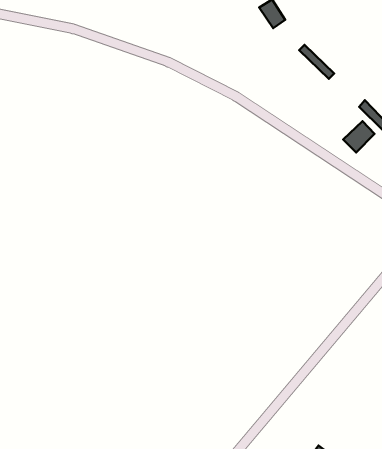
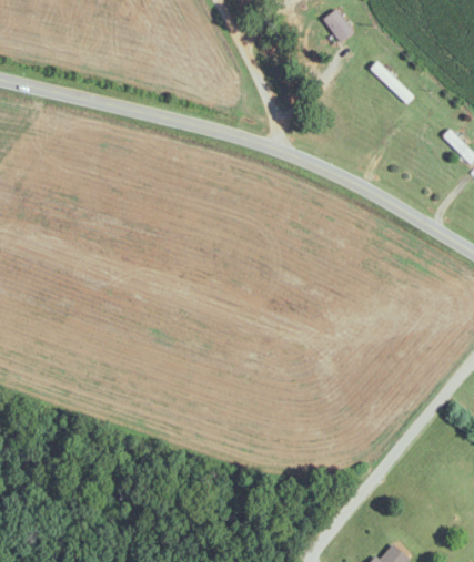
building: [343,121,374,152] -> none

